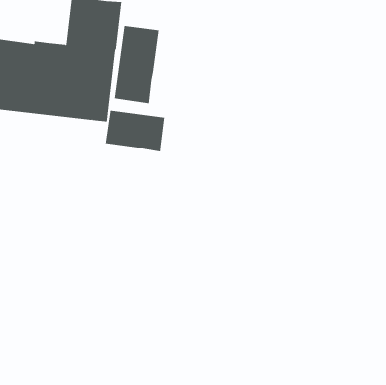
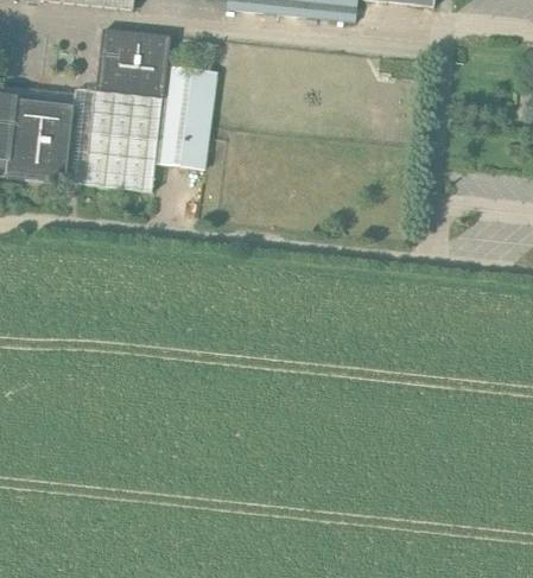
building: [105,110,165,152] -> none

